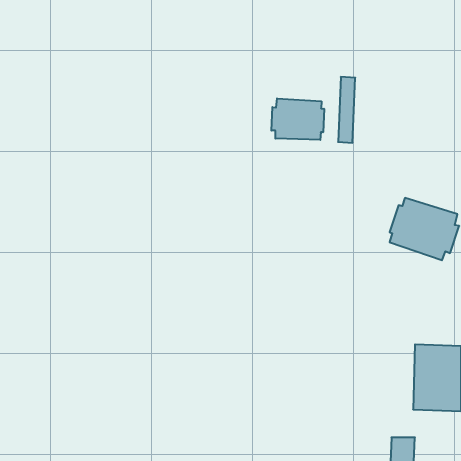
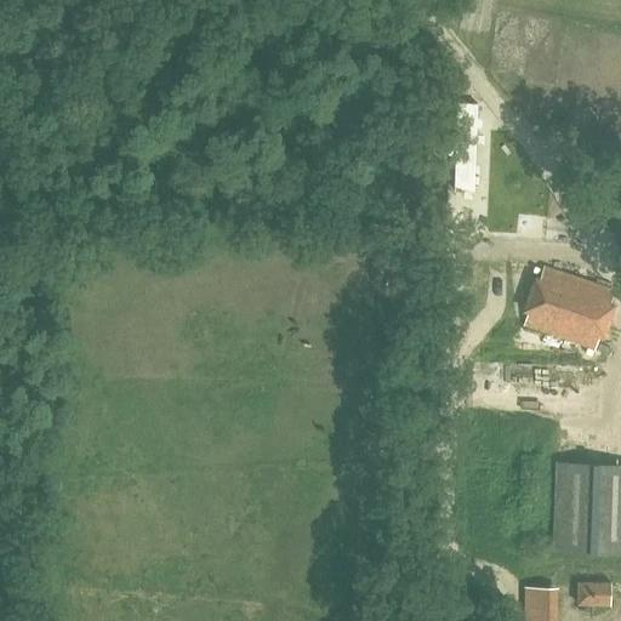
building: [271,98,324,140] -> none
building: none -> [577,582,610,606]

